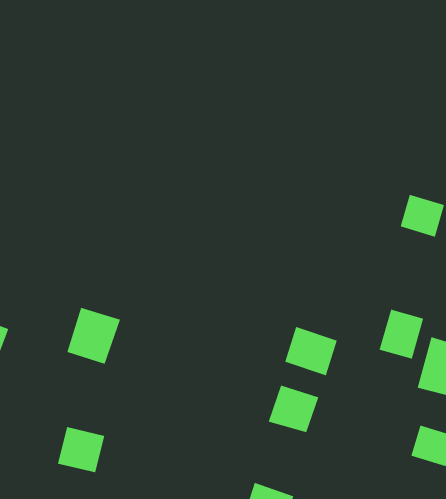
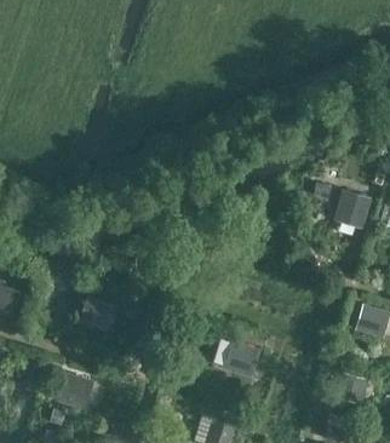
building: [379,309,424,359] -> none
building: [284,326,338,376] -> none

